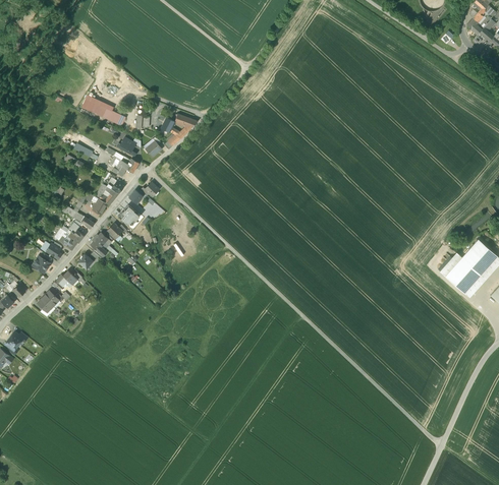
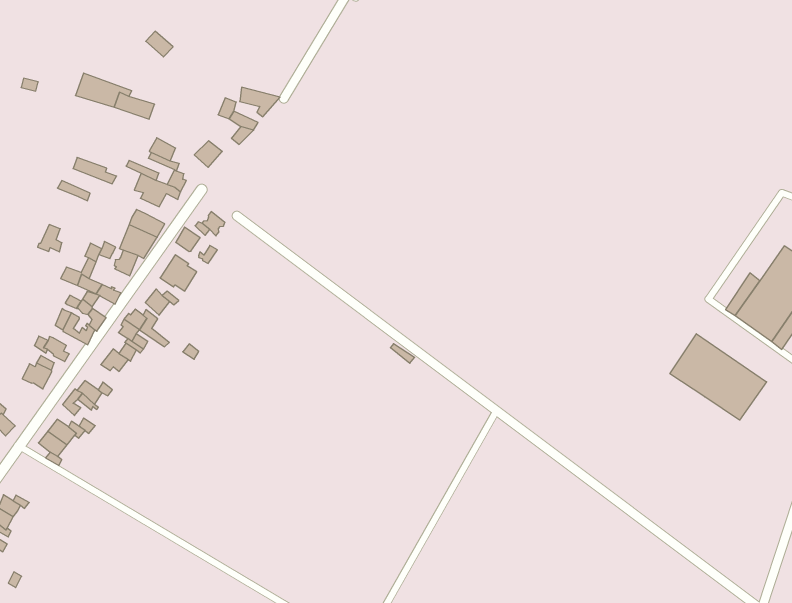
building: none -> [670,334,767,420]

